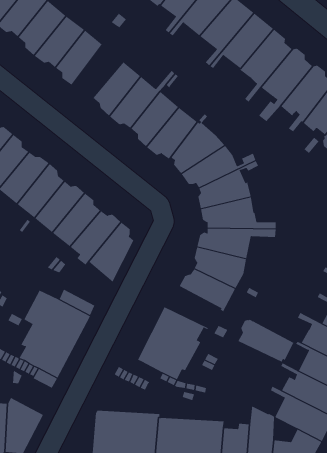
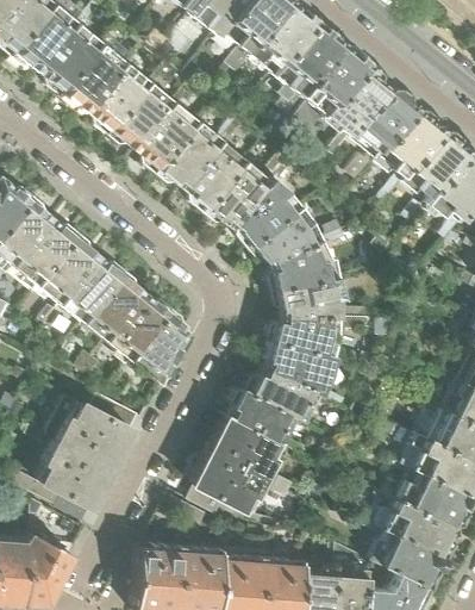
building: none -> [110,81,182,149]
building: [238,319,294,363] -> [227,387,300,443]

